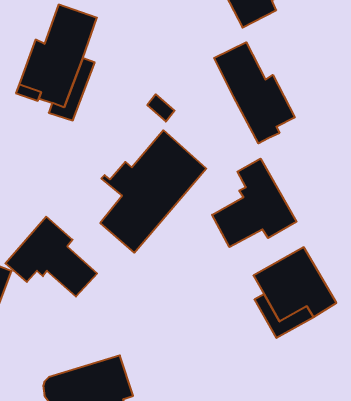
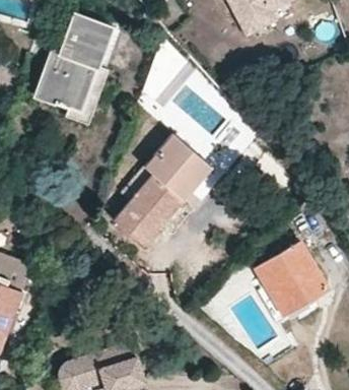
building: [214,42,295,143] -> none
building: [212,159,297,247] -> none
building: [5,217,97,297] -> none

